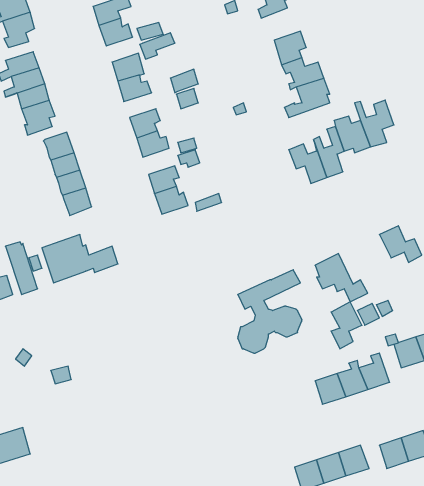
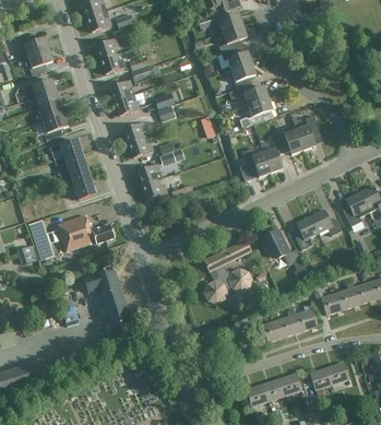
building: none -> [222,46,251,72]
building: [331,302,362,349] -> [296,215,319,250]
building: none -> [84,267,131,327]

